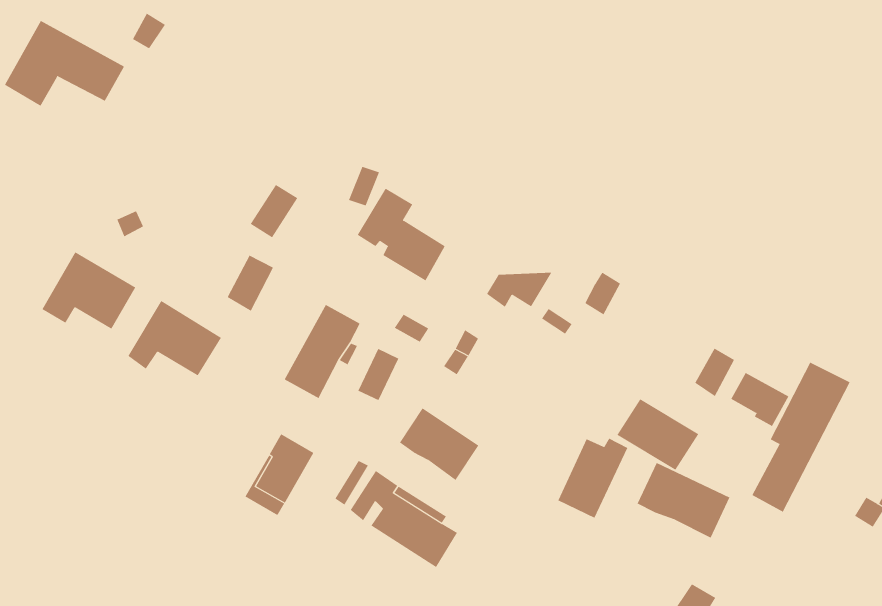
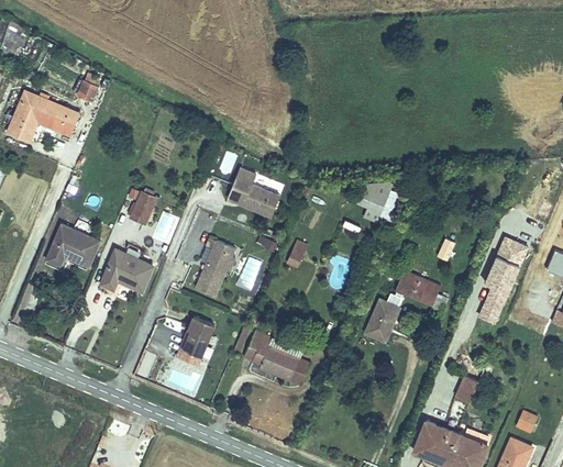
building: [250,184,298,238] -> [129,192,155,224]
building: [486,272,553,307] -> [357,181,395,205]
building: [730,372,789,427] -> none
building: [399,407,479,481] -> none
building: [637,462,730,539] -> none

